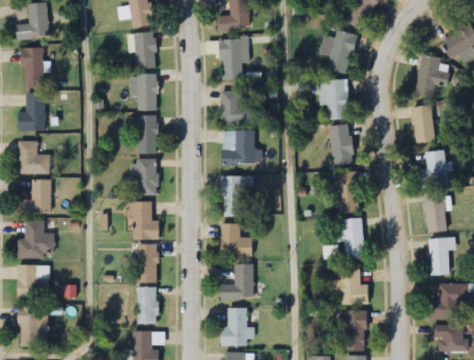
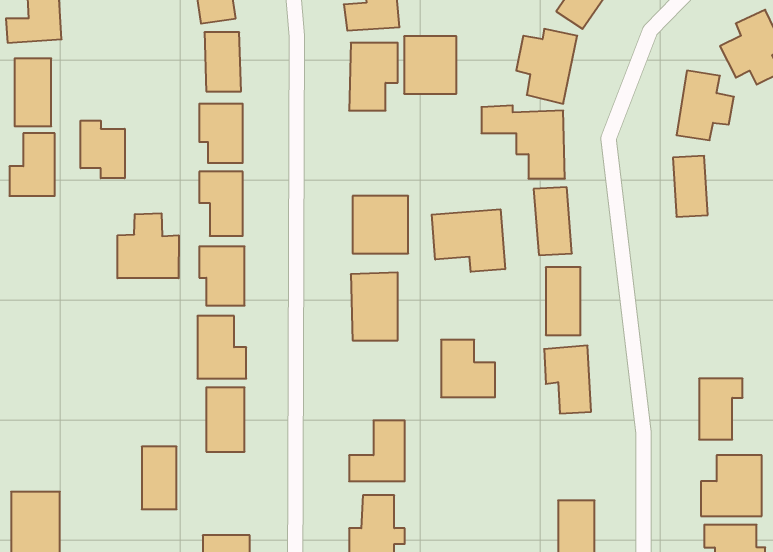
building: none -> [81,121,125,178]
building: [221,90,252,124] -> [404,36,456,94]
building: none -> [432,209,505,272]
building: none -> [117,213,179,278]
building: [18,141,50,173] -> none
building: [419,150,454,188] -> none
building: [19,179,50,214] -> none
building: [424,192,446,232] -> none
building: [17,221,54,258] -> none
building: [220,223,252,257] -> [441,340,495,397]
building: [17,266,49,298] -> none
building: [328,269,367,305] -> none
building: [137,286,158,324] -> [142,447,177,509]

